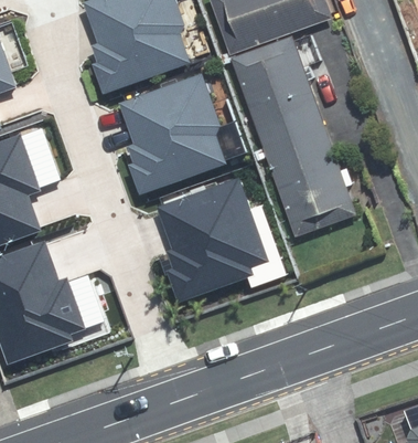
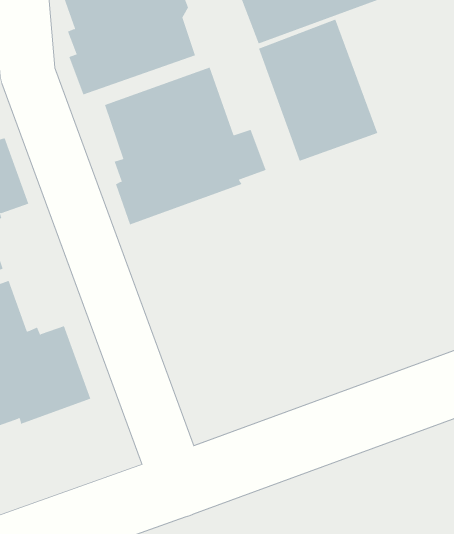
building: [258,125,363,236] -> none
building: [152,177,285,302] -> none

